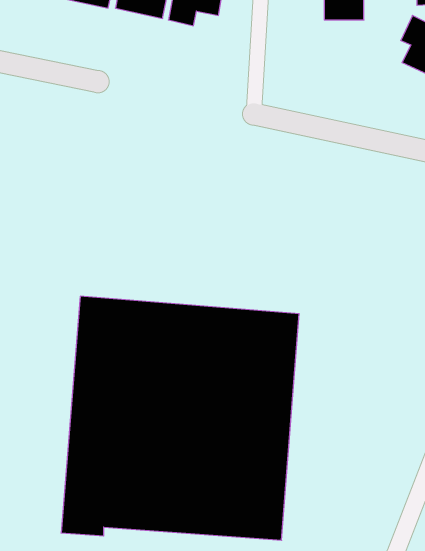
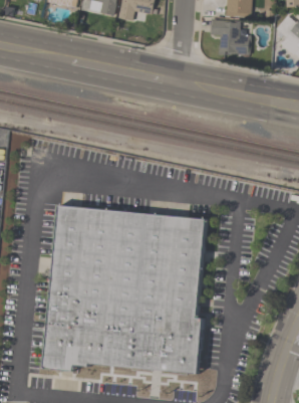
building: none -> [211,20,250,55]

